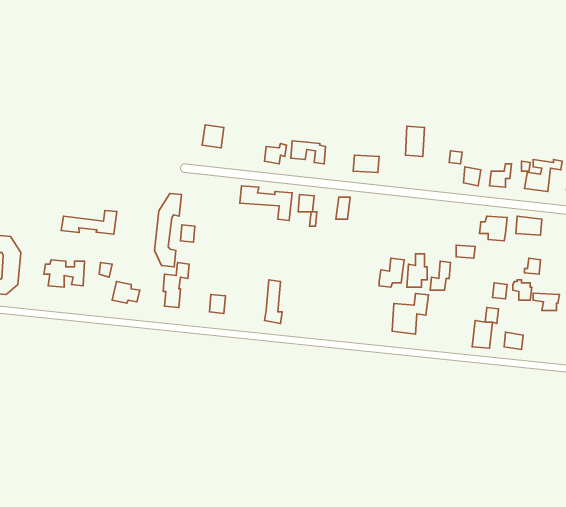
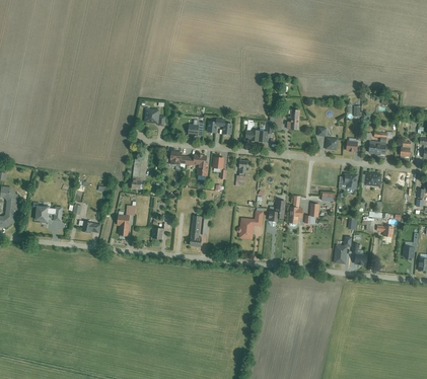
building: [155,193,181,267] -> none
building: [61,210,117,234] -> none
building: [392,293,429,334] -> [238,211,264,239]

